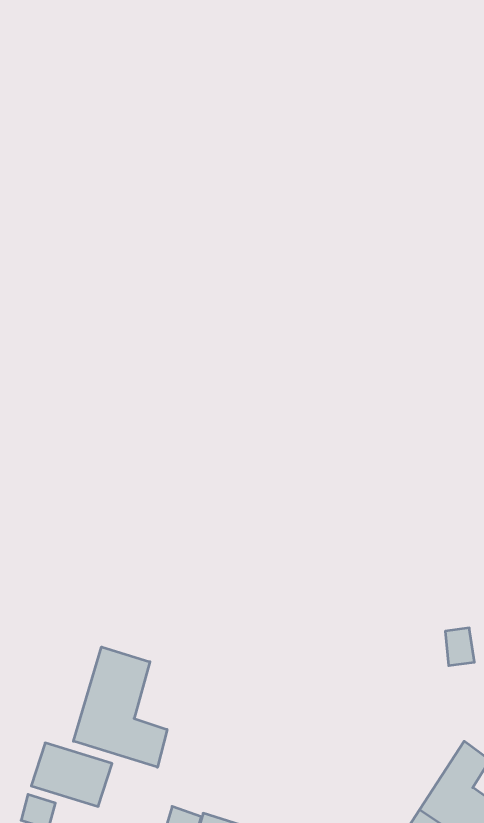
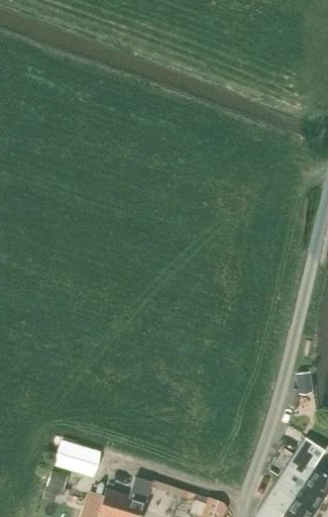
building: [73,647,167,767] -> none

